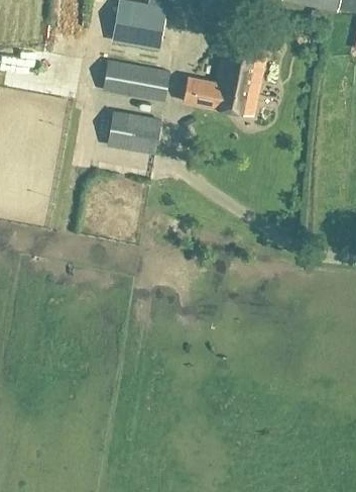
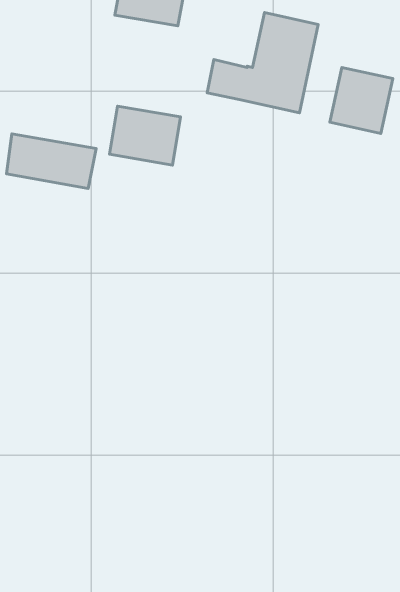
building: [104,60,171,101] -> [7,134,96,189]
building: none -> [330,67,393,133]

